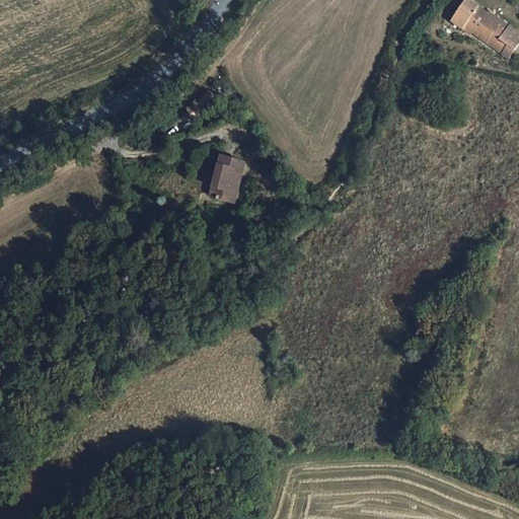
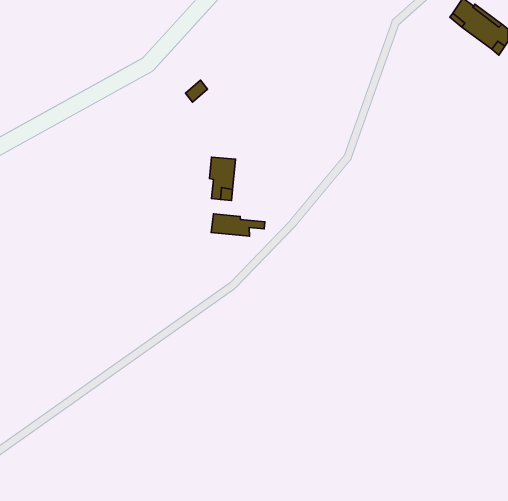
building: none -> [211,214,265,236]

